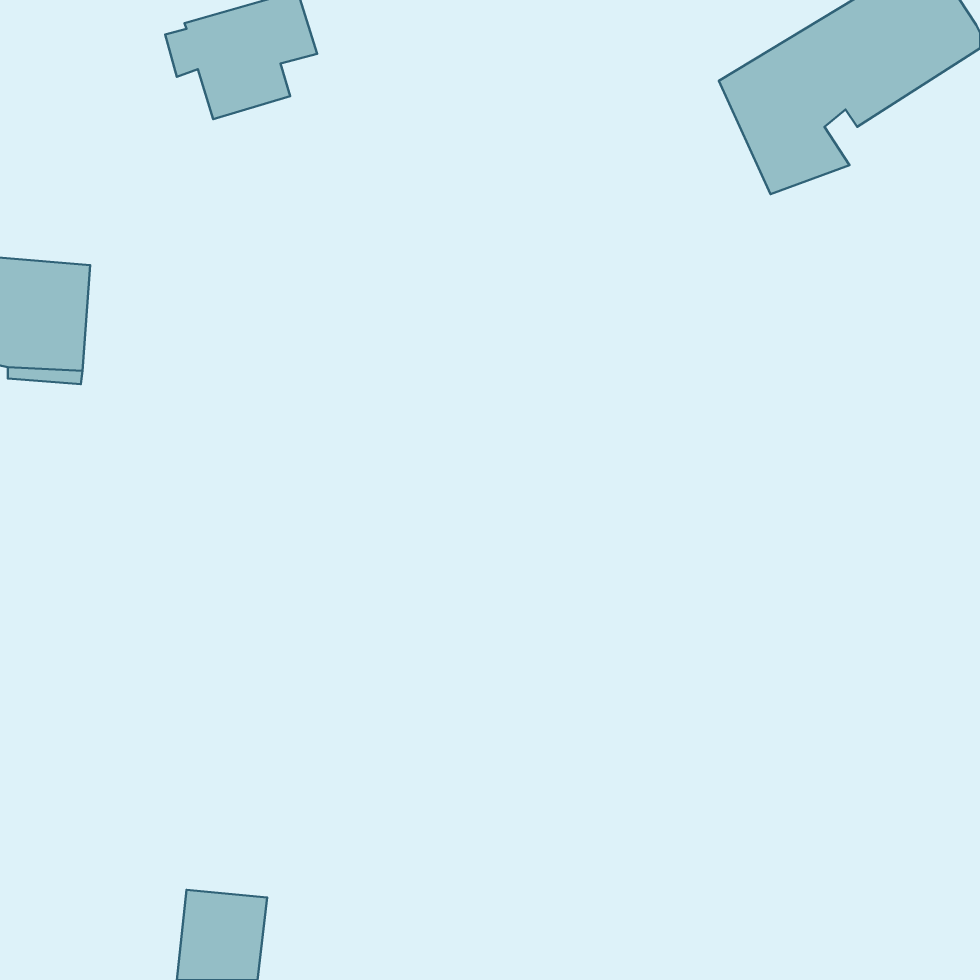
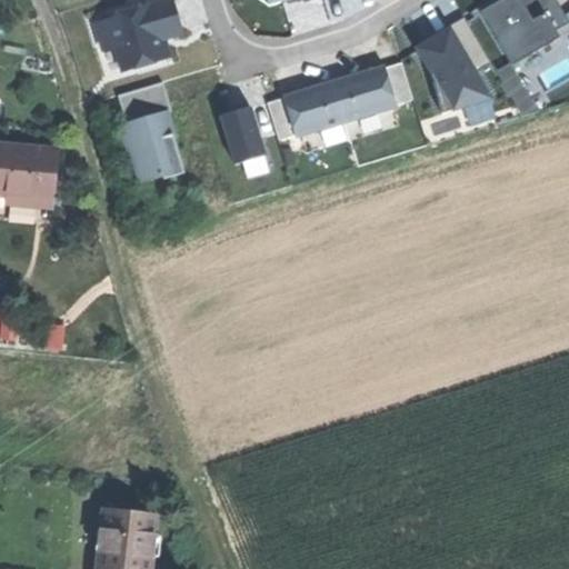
building: none -> [284,64,398,134]
building: none -> [114,82,186,182]
building: none -> [221,104,267,162]

